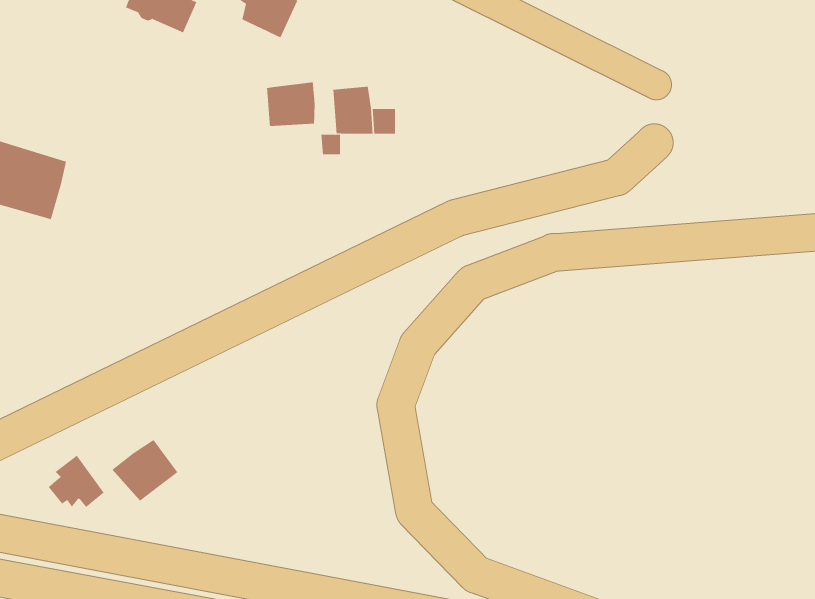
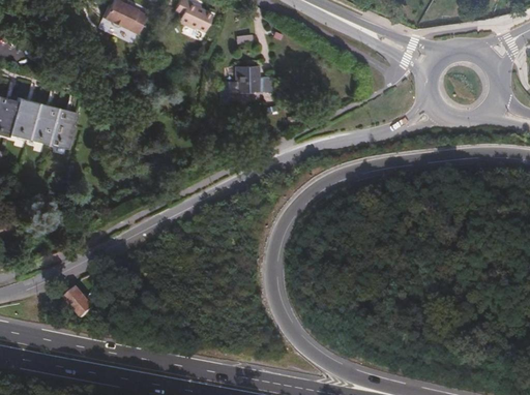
building: [266,81,315,127] -> none
building: [112,439,178,502] -> none

